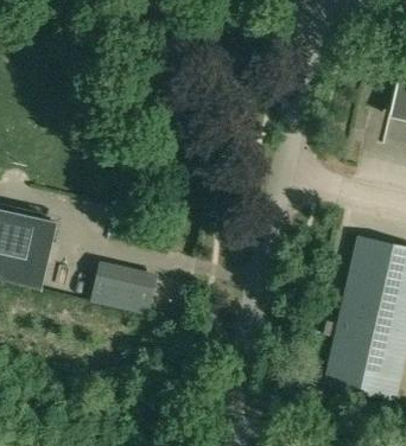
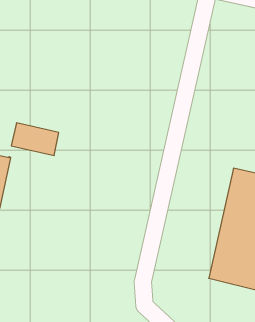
building: [91,270,156,314] -> [11,123,59,155]

